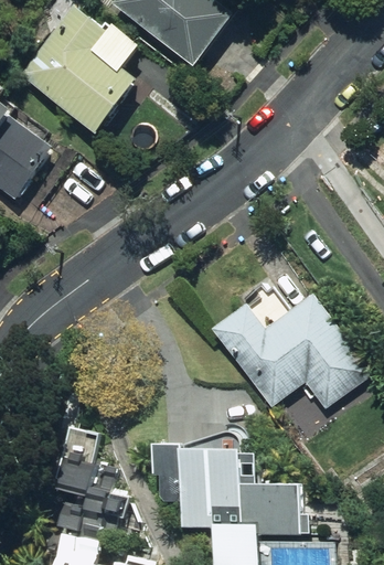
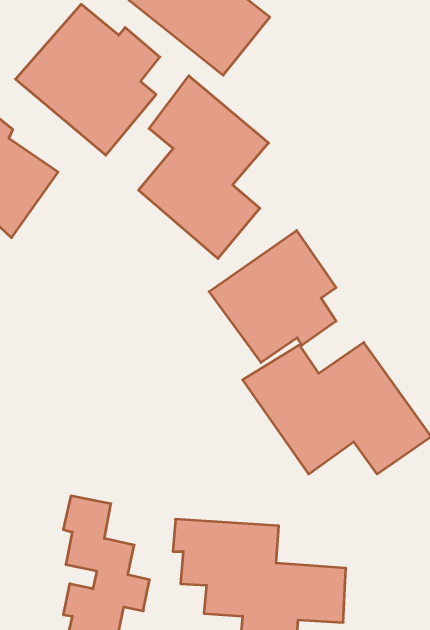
building: none -> [139,76,269,259]
building: none -> [209,230,336,363]

